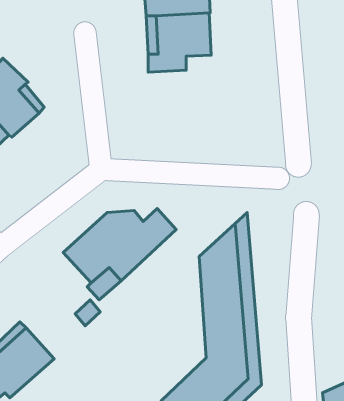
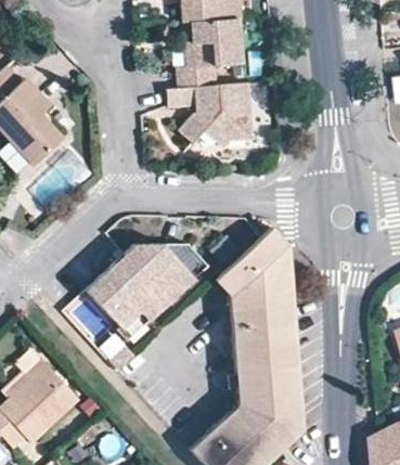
building: none -> [168,87,250,148]
building: none -> [219,221,286,290]

